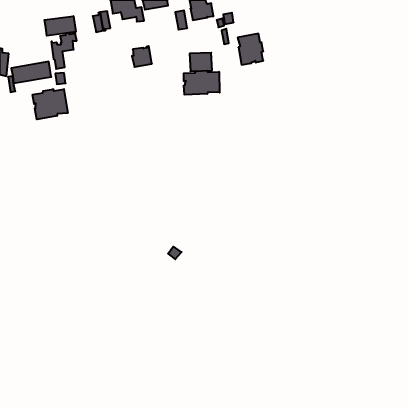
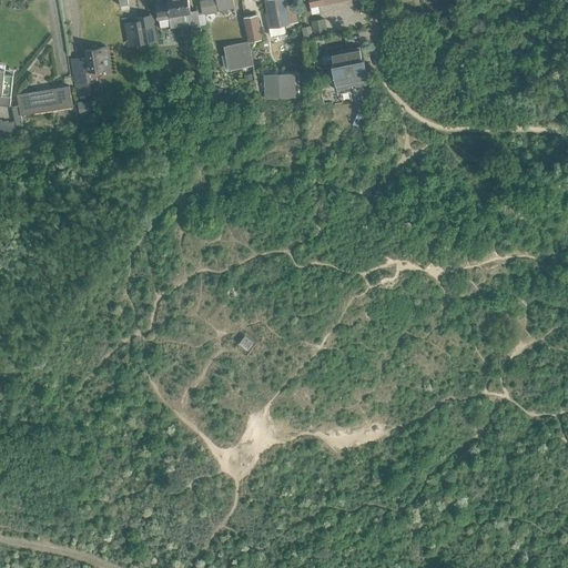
building: [44,16,76,36] -> none
building: [132,46,152,67] -> [224,41,252,70]
building: [184,71,220,95] -> none
building: [33,89,68,119] -> none

